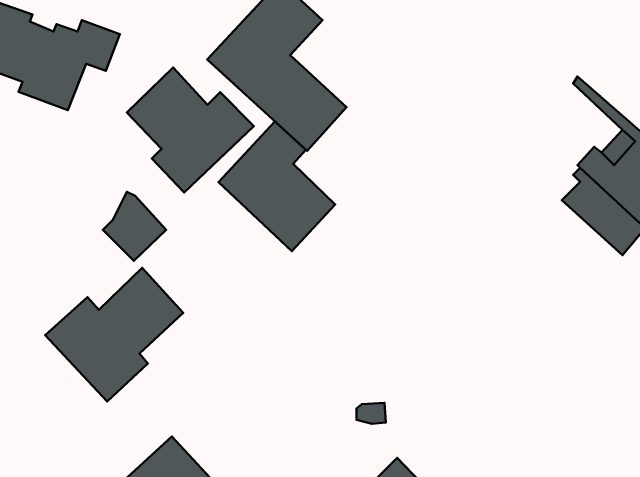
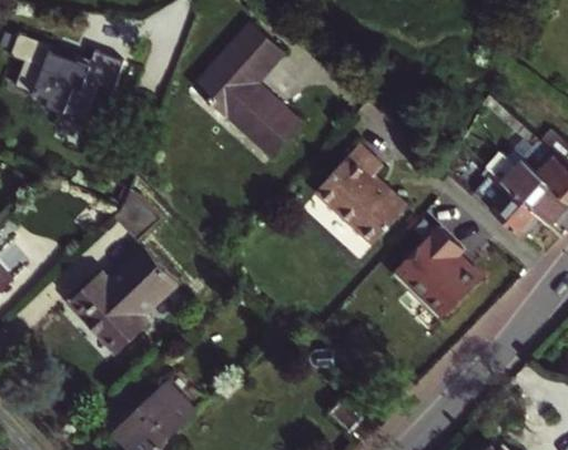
building: [127,67,254,192] -> none
building: [218,122,335,251] -> [315,144,407,246]
building: none -> [390,228,479,323]

